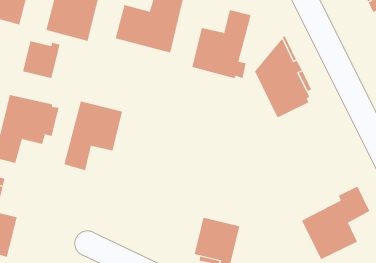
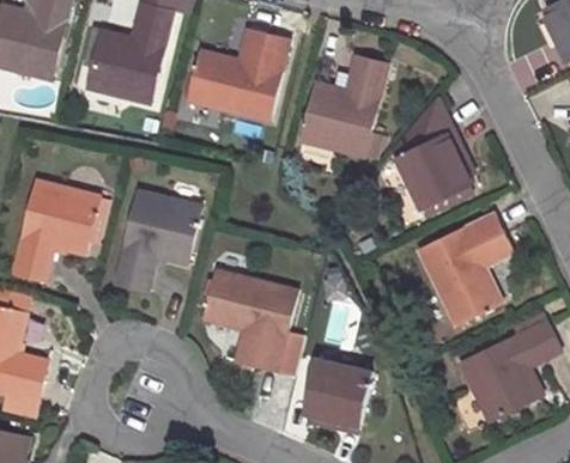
building: [23,40,60,79] -> none
building: none -> [418,213,513,325]
building: none -> [205,269,298,370]

